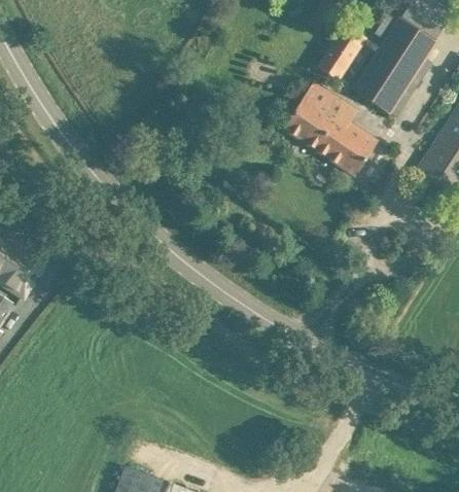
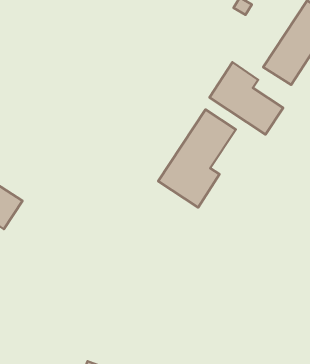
building: [318,27,363,80] -> none
building: none -> [158,110,236,208]

